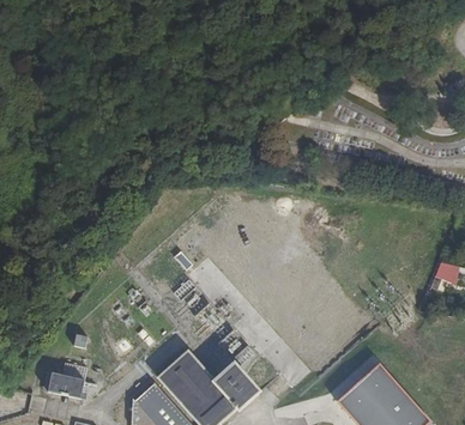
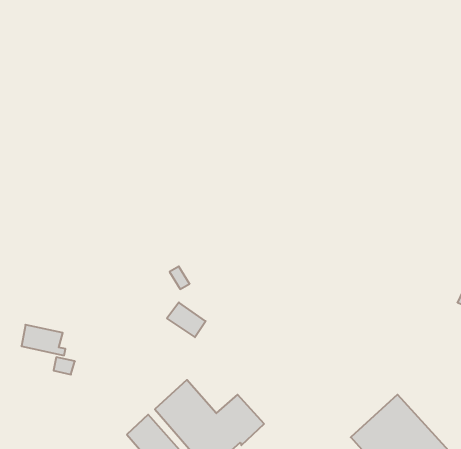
building: [47,374,86,401] -> [21,325,65,355]

